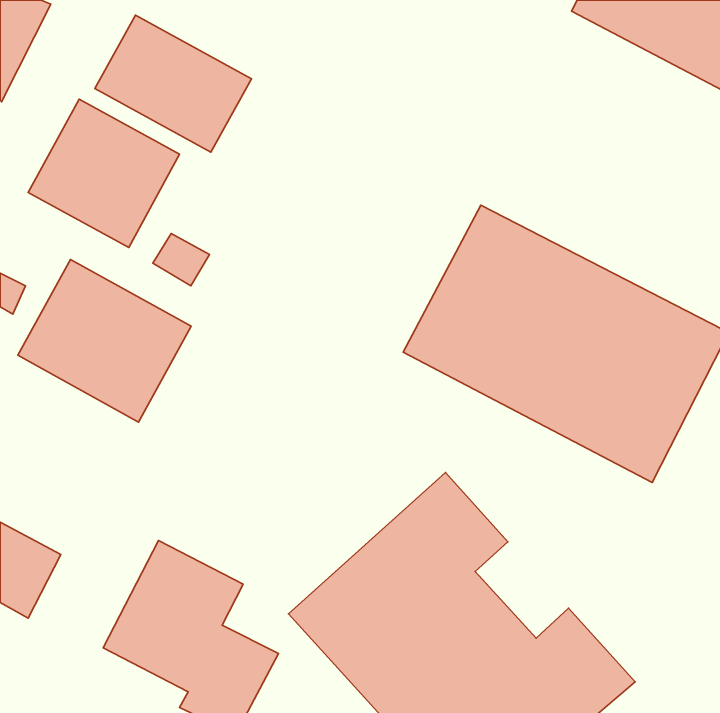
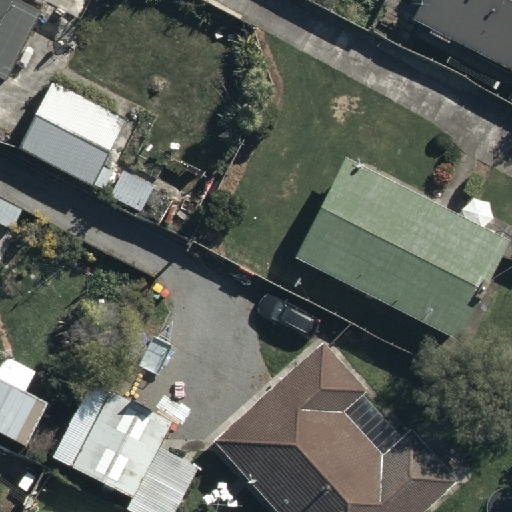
building: [95,15,252,152] -> none
building: [18,259,191,422] -> none

